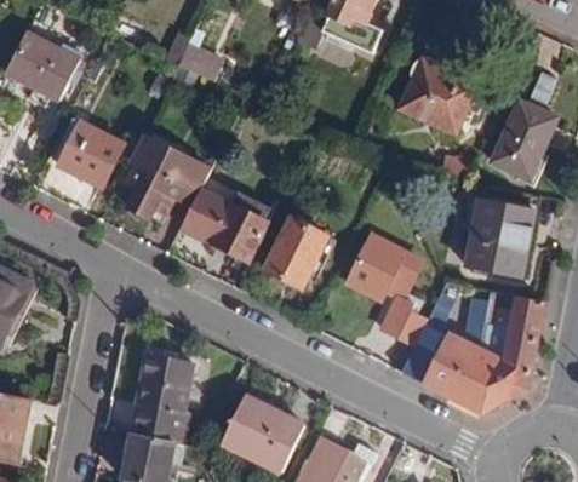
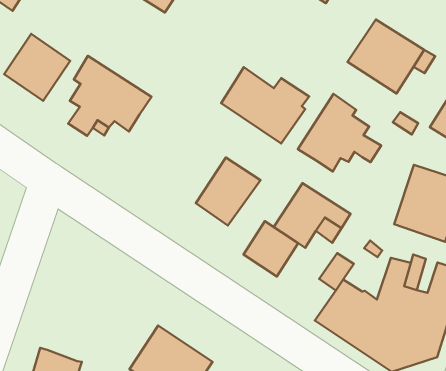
building: none -> [298,94,381,172]
building: [181,188,268,259] -> [221,67,309,144]
building: none -> [243,221,298,277]
building: [137,354,188,442] -> none

